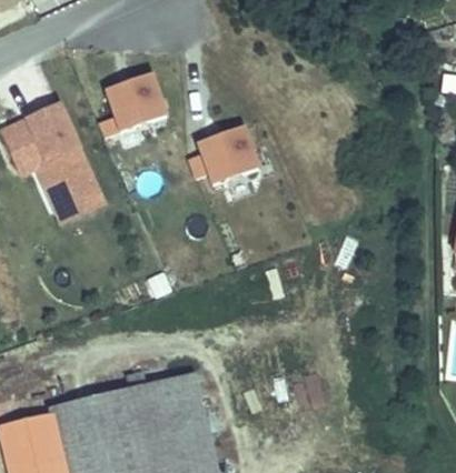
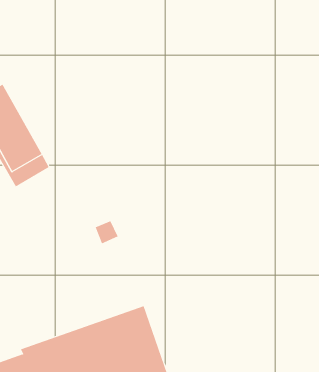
building: [100,73,166,137] -> none
building: [189,125,258,184] -> none

